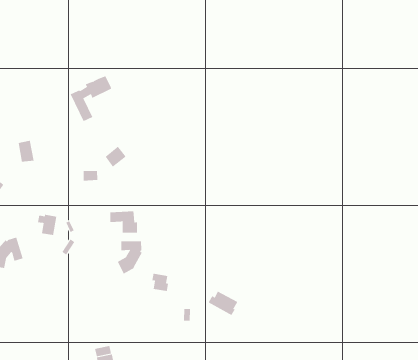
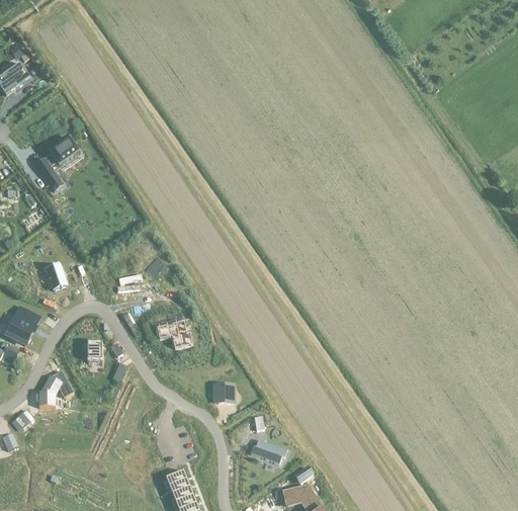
building: [70,75,112,122] -> [34,137,79,191]
building: [117,241,143,275] -> none
building: [208,291,238,316] -> [250,438,282,462]

